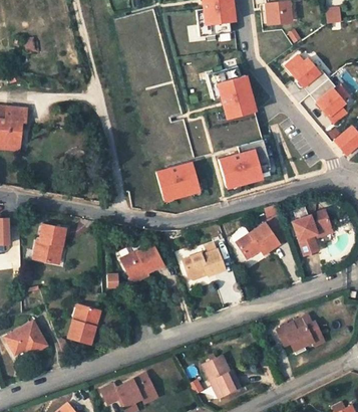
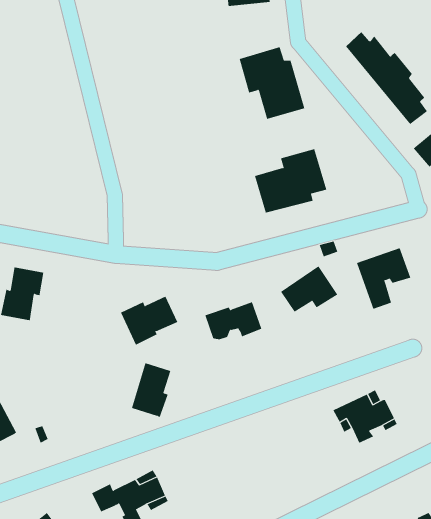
building: [156,162,201,200] -> none
building: [68,304,97,345] -> [131,363,171,418]
building: [202,355,243,398] -> none

